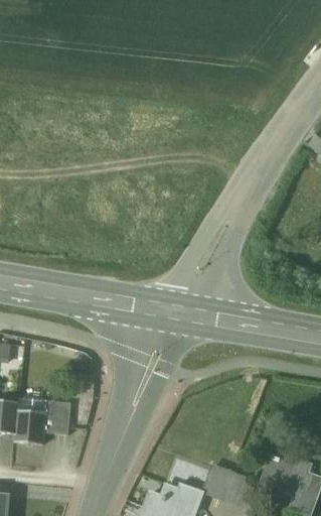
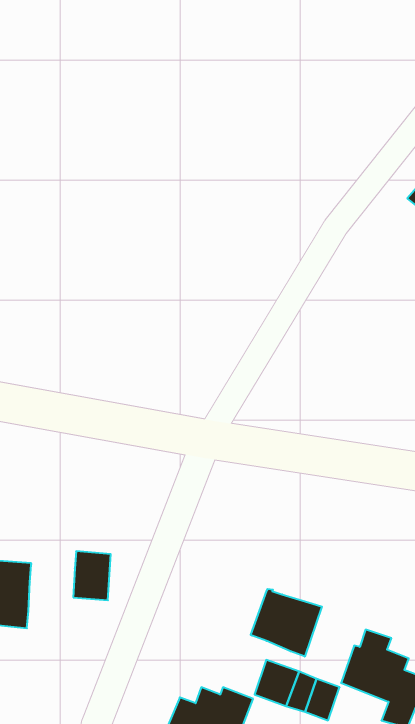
building: [44,400,70,434] -> [73,551,111,600]
building: none -> [251,589,322,657]

